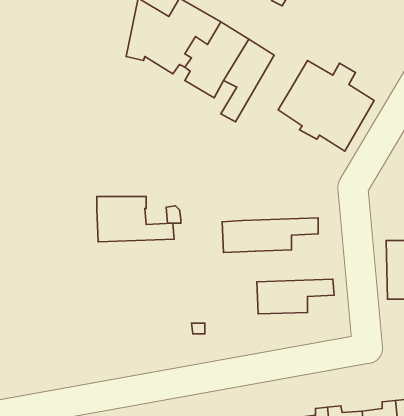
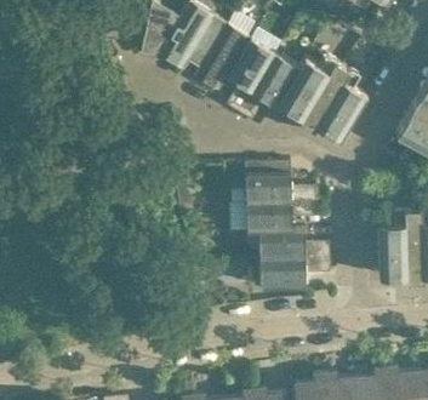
building: none -> [241,55,307,122]
building: [97,197,174,242] -> [246,164,316,205]
building: none -> [259,230,330,261]

